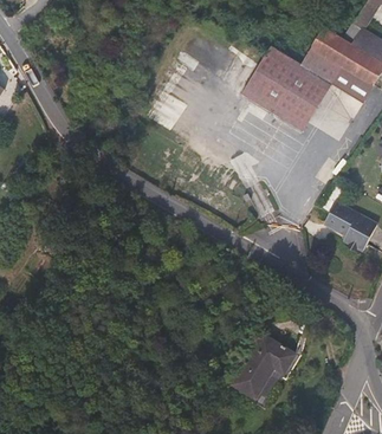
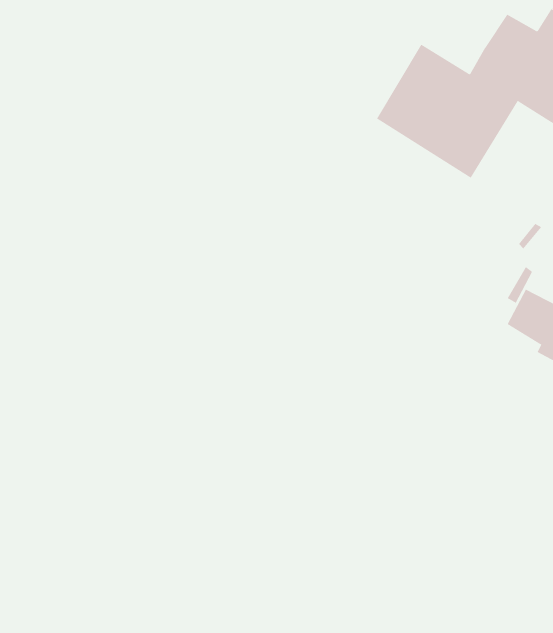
building: [232,332,300,408] -> none

